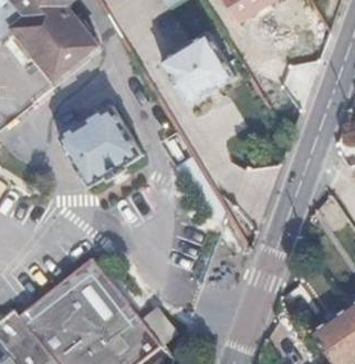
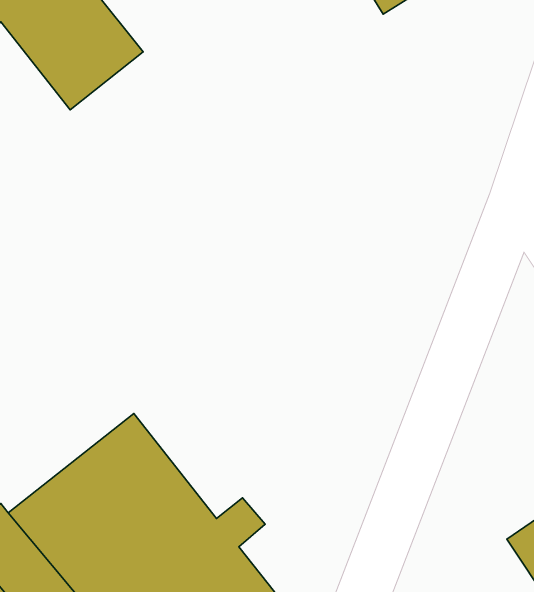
building: [159,30,234,105] -> none
building: [59,105,140,186] -> none

